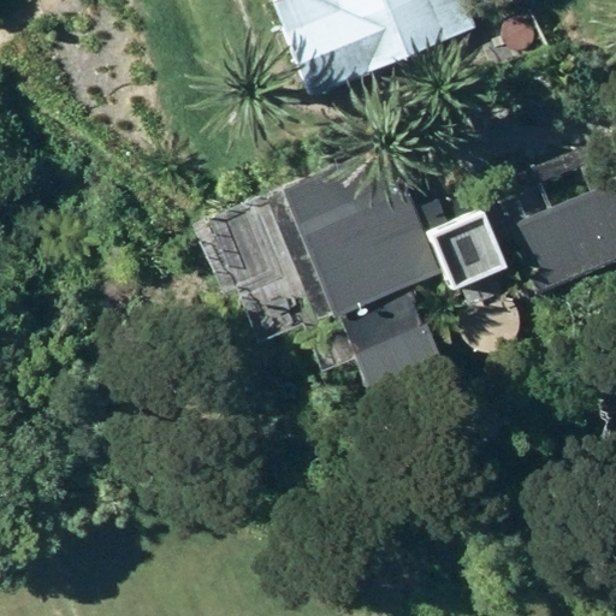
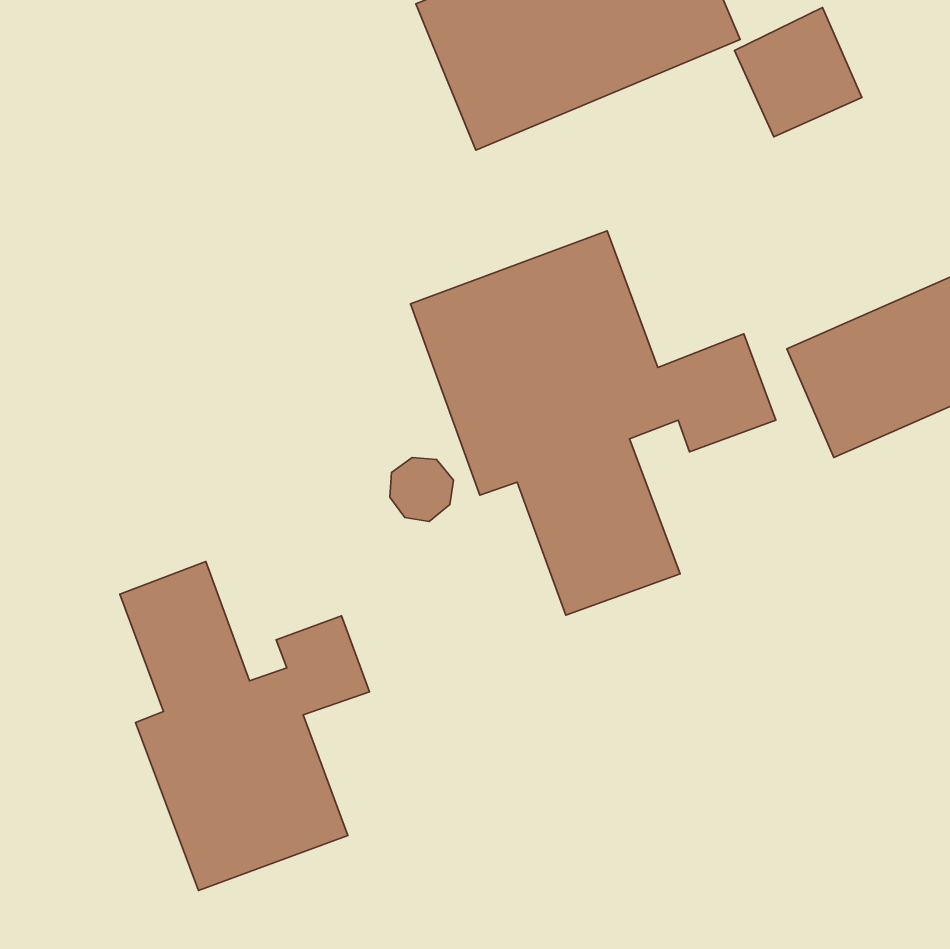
building: none -> [120,562,370,890]

